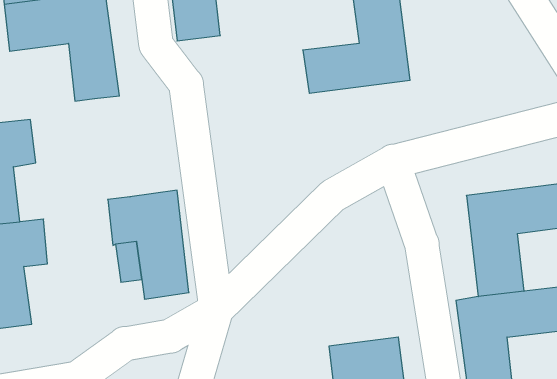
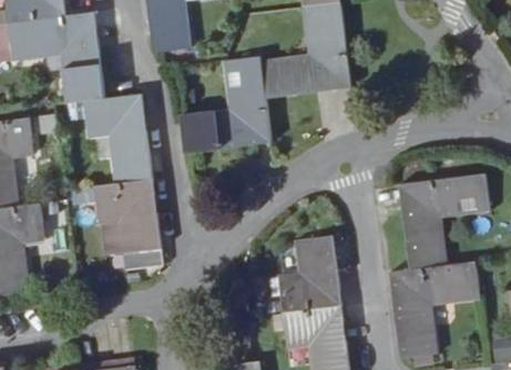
building: none -> [180,56,270,153]
building: none -> [83,94,153,185]
building: none -> [277,236,340,311]

